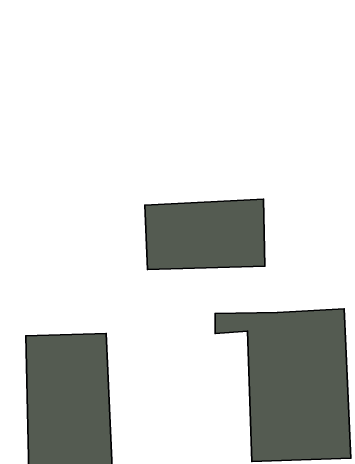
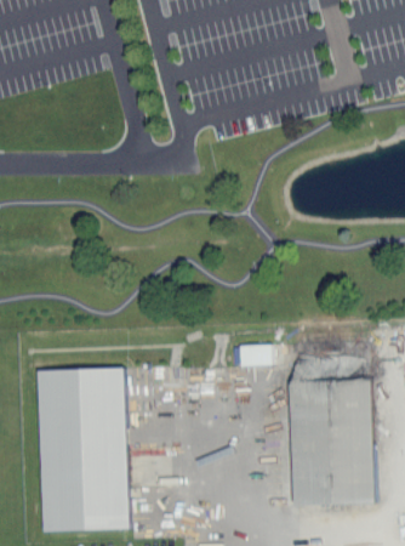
building: [145,199,265,269] -> none

